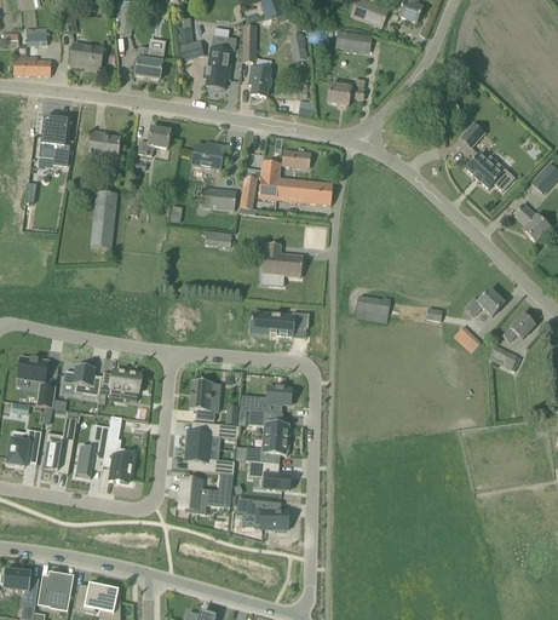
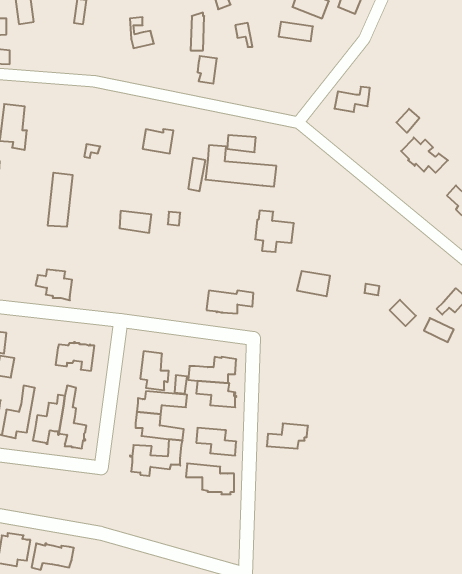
building: [203,36,236,87] -> none
building: [70,42,103,68] -> none
building: [134,47,163,79] -> none
building: [327,79,364,105] -> [334,87,370,112]
building: [138,126,171,155] -> none
building: [90,131,120,157] -> none
building: [202,186,236,209] -> [119,211,151,233]
building: [261,242,303,286] -> [255,211,294,252]
building: [464,288,504,316] -> none
building: [63,364,102,397] -> [36,269,72,300]
building: [246,436,289,463] -> [267,423,308,449]

